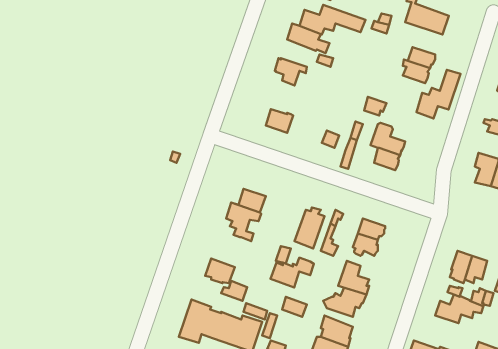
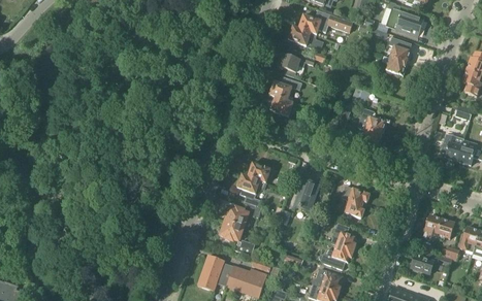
building: [417,70,460,118] -> none
building: none -> [269,76,301,101]
building: [270,258,314,288] -> [225,203,261,228]

